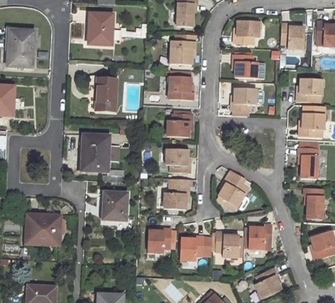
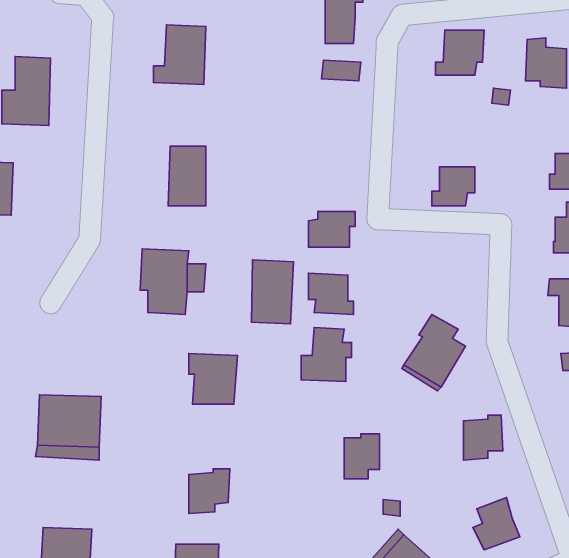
building: [170,45,195,65] -> none
building: [234,58,259,78] -> none
building: [170,79,195,100] -> none
building: none -> [251,260,294,324]
building: [149,227,171,251] -> [189,469,230,514]
building: [220,232,240,257] -> none

